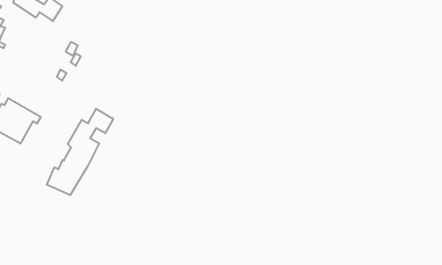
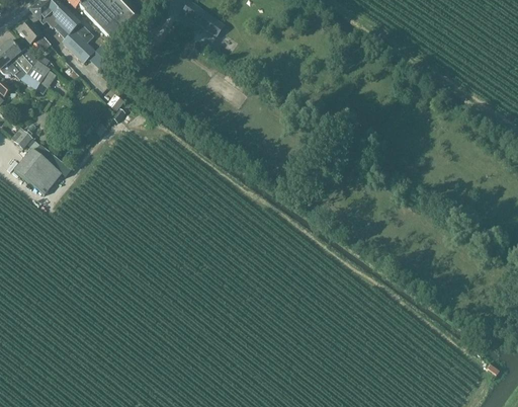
building: [47,109,113,195] -> none

